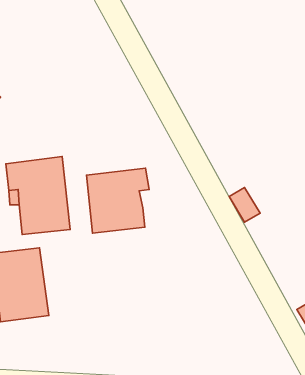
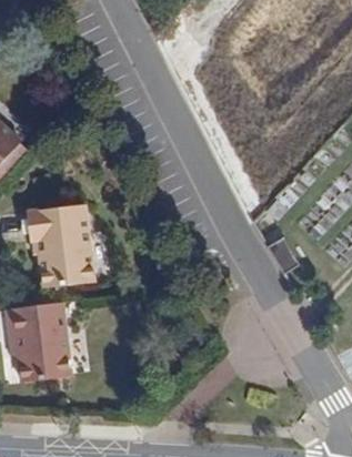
building: [87,168,149,233] -> none

